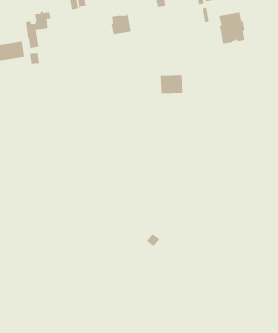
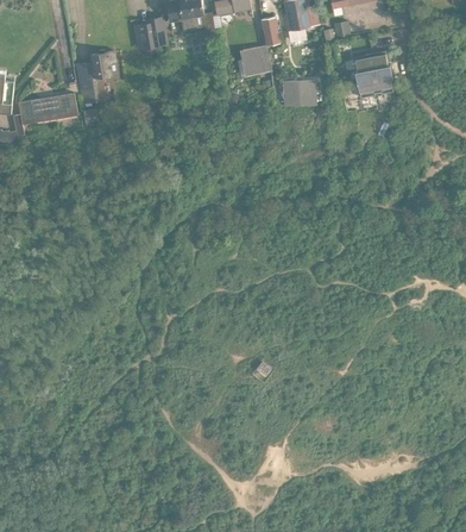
building: [111,13,131,35] -> [240,44,270,75]
building: [160,75,183,94] -> [282,79,315,106]

